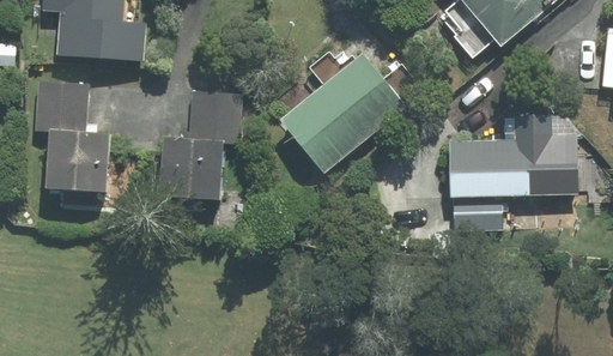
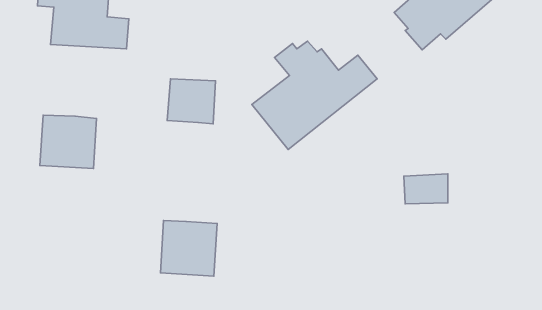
building: [35,82,89,133] -> none
building: [450,115,576,195] -> none
building: [159,137,223,199] -> [160,220,217,276]

